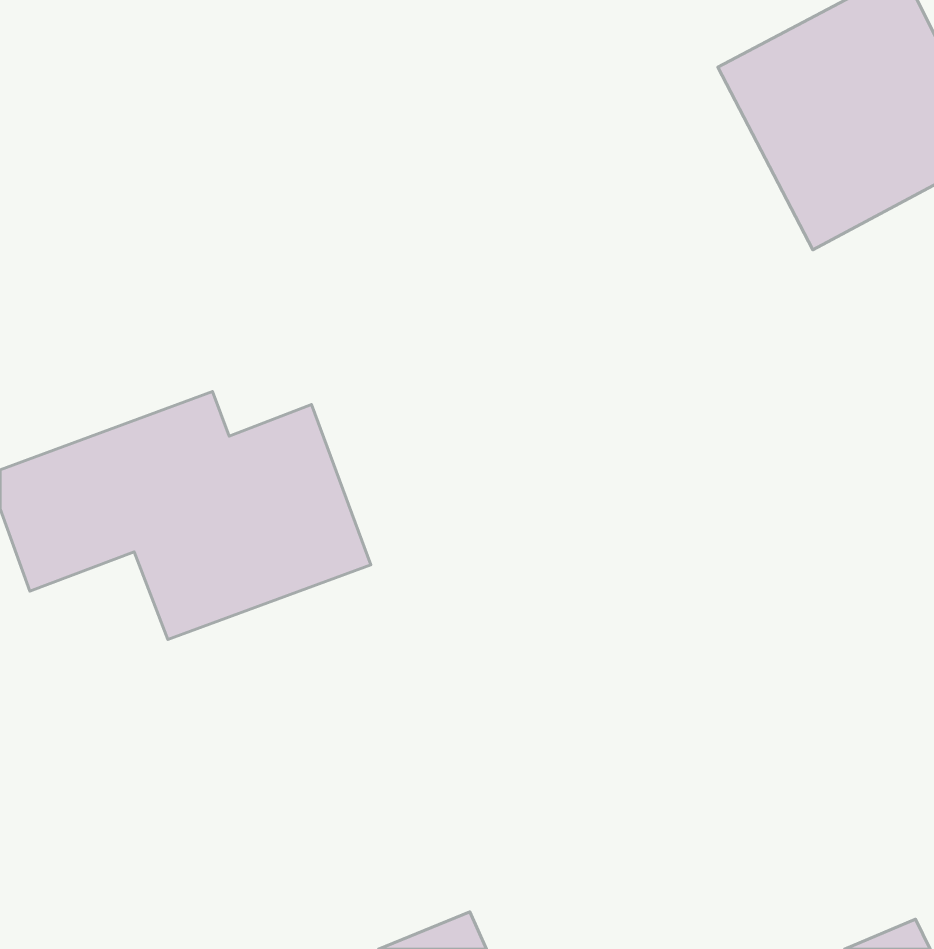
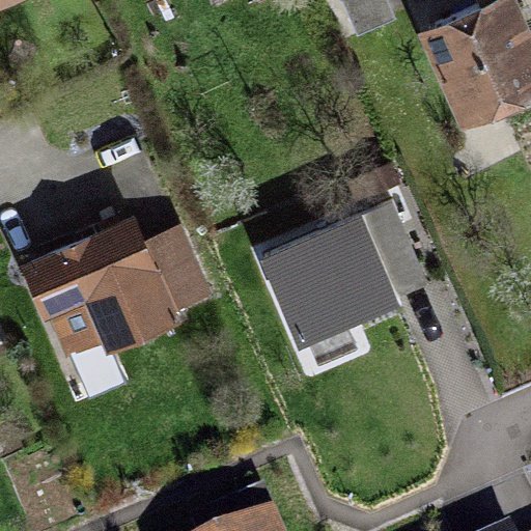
building: none -> [269,212,410,347]

